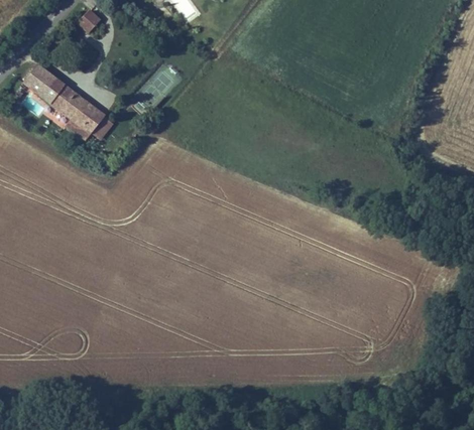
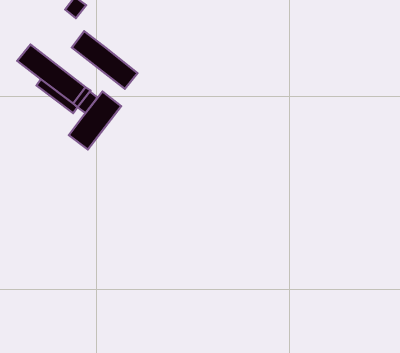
building: none -> [72,31,138,89]
building: none -> [69,92,121,149]

